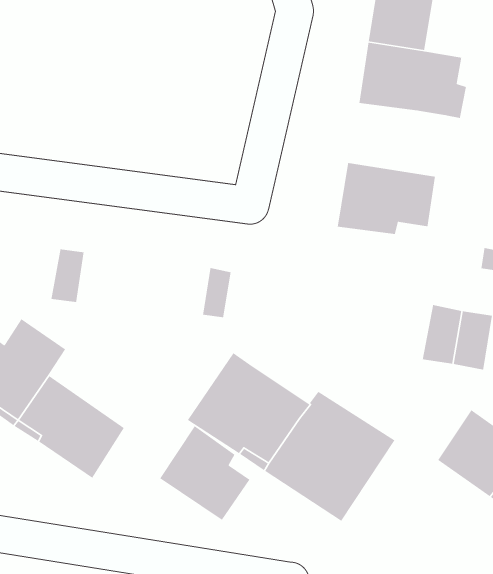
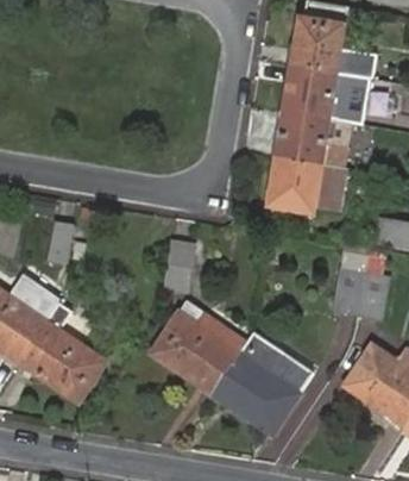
building: none -> [276,111,351,167]
building: [159,425,250,521] -> none

